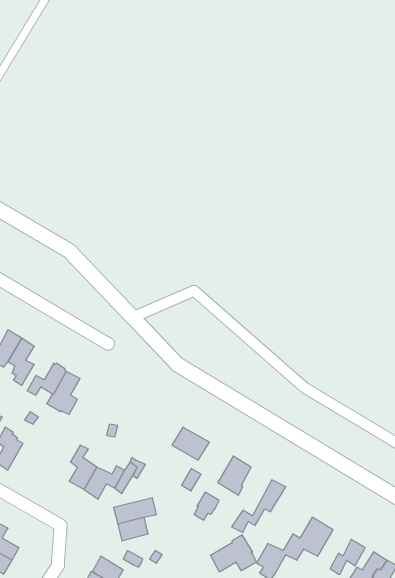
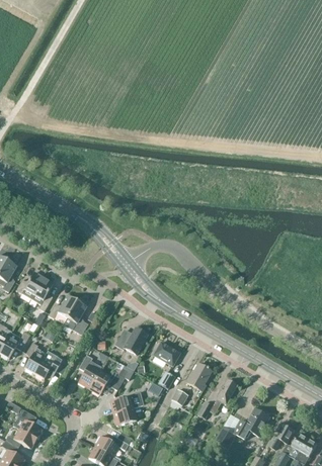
building: none -> [114,328,147,355]
building: none -> [33,351,67,379]
building: [210,535,257,572] -> none

